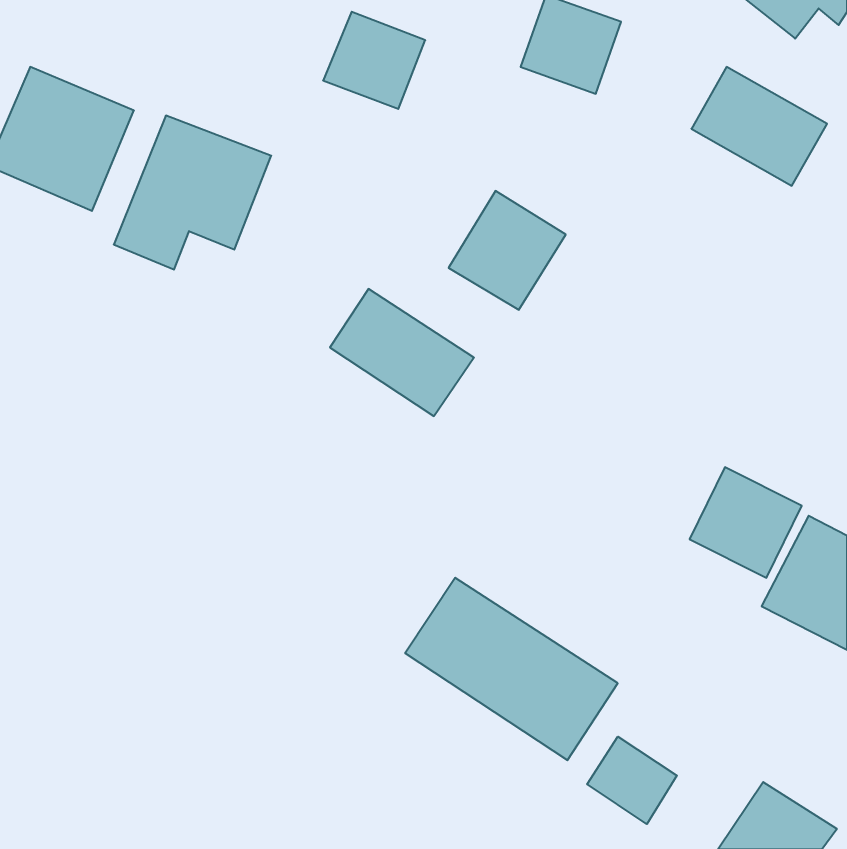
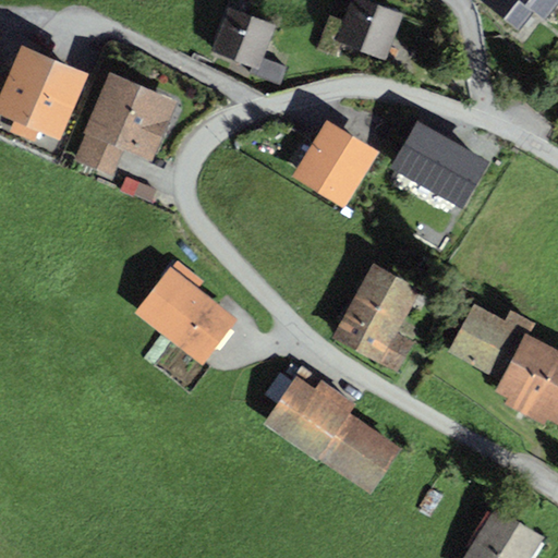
building: [691,67,827,186] -> [391,123,480,201]
building: [330,289,474,416] -> [144,275,238,357]
building: none -> [333,268,420,376]
building: [587,737,677,824] -> none

